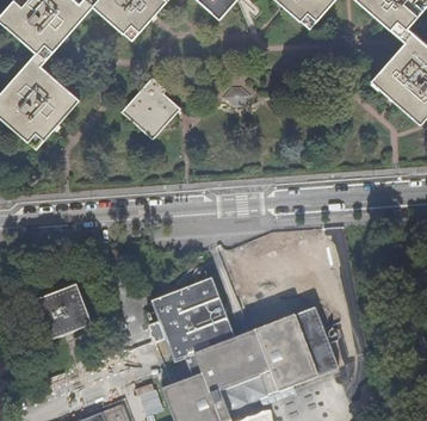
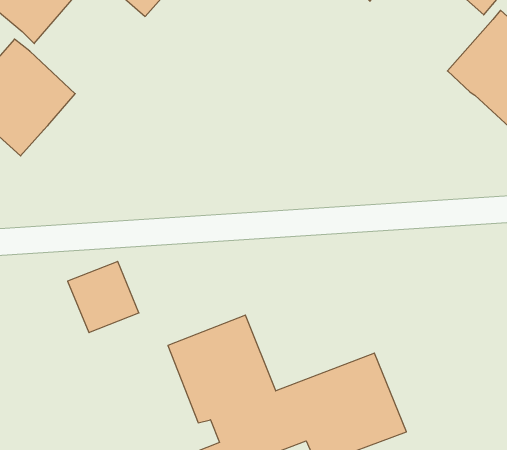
building: [118,79,175,141] -> none
building: [35,285,91,341] -> [68,261,139,333]

